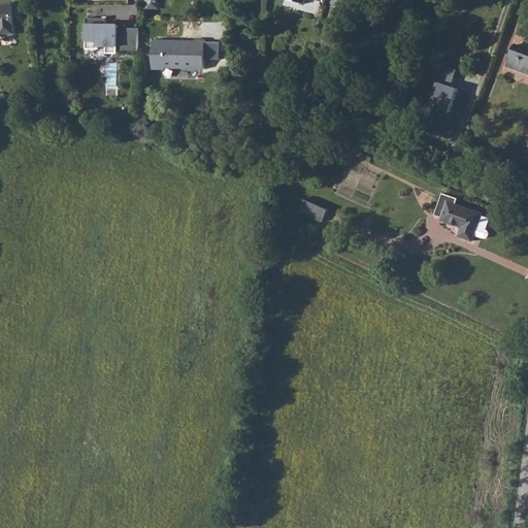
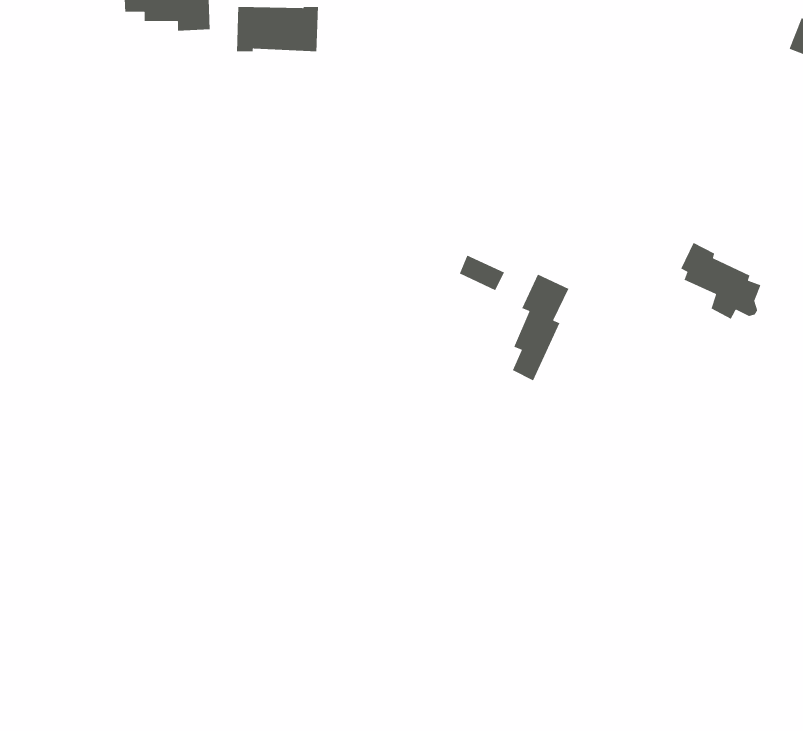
building: [426,71,454,111] -> none
building: none -> [512,274,569,381]

